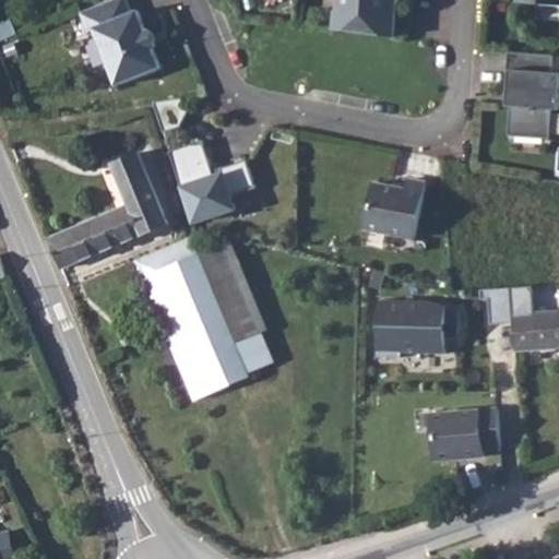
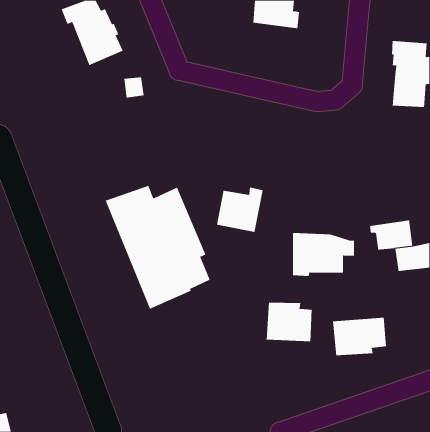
building: [169,141,254,223] -> none
building: [48,152,167,270] -> none
building: [362,179,424,238] -> [216,187,264,232]
building: none -> [266,302,312,342]

